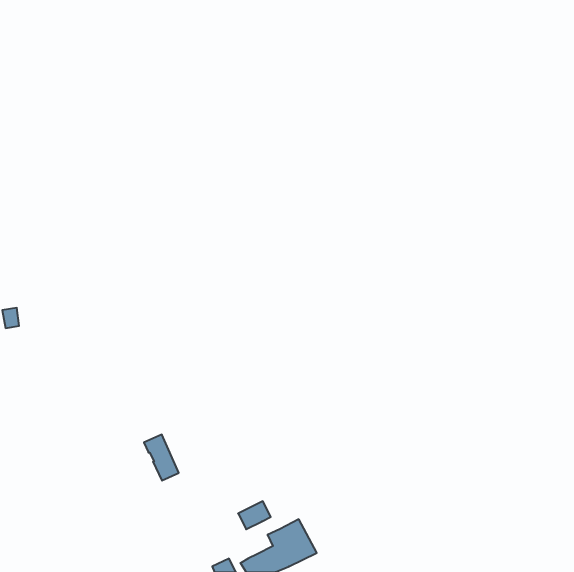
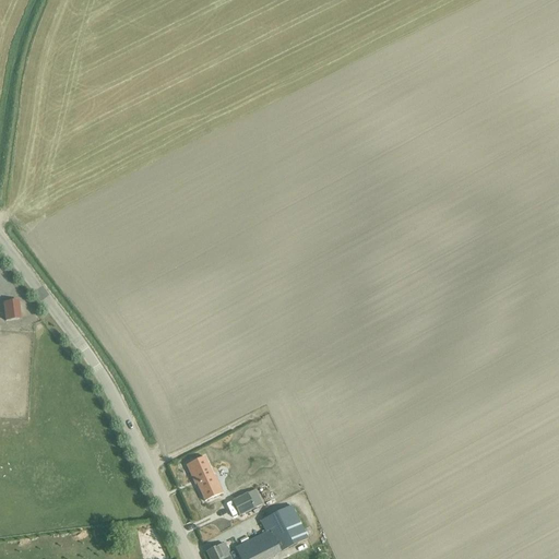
building: [144,435,179,481] -> [187,455,221,500]

